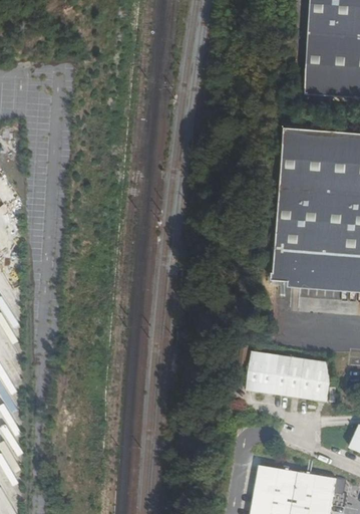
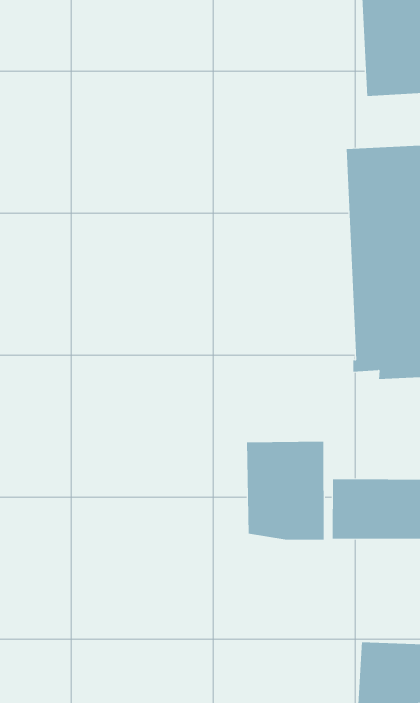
building: none -> [246,441,324,540]

